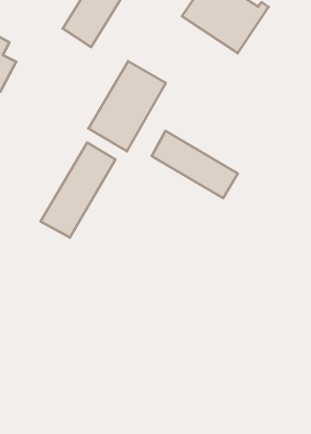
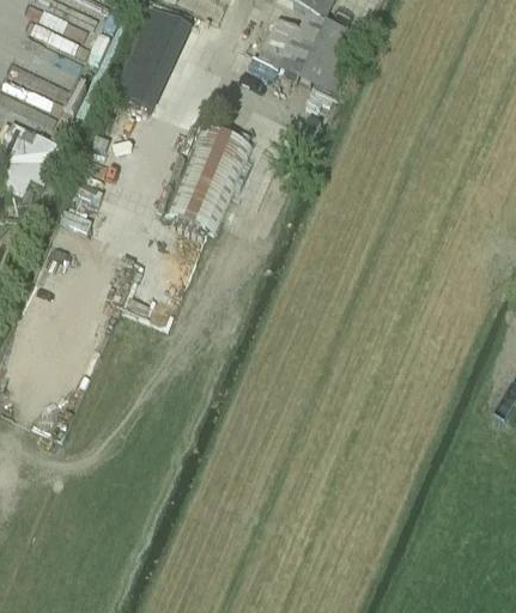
building: [152,131,238,198] -> none
building: [41,143,115,238] -> none

